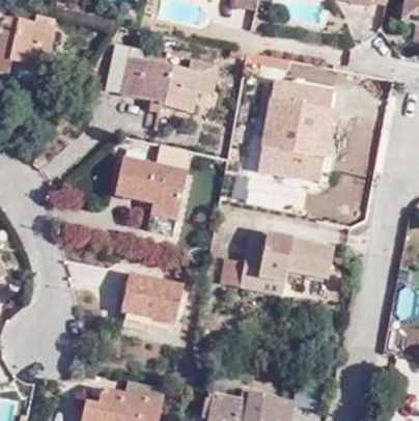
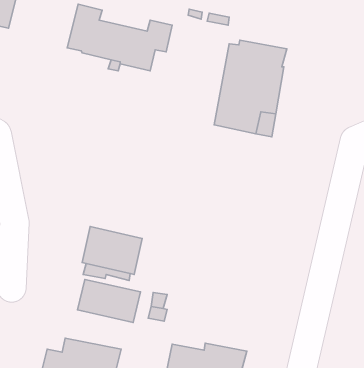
building: [115,157,186,234] -> none
building: [220,232,334,291] -> none
building: none -> [78,279,140,322]

